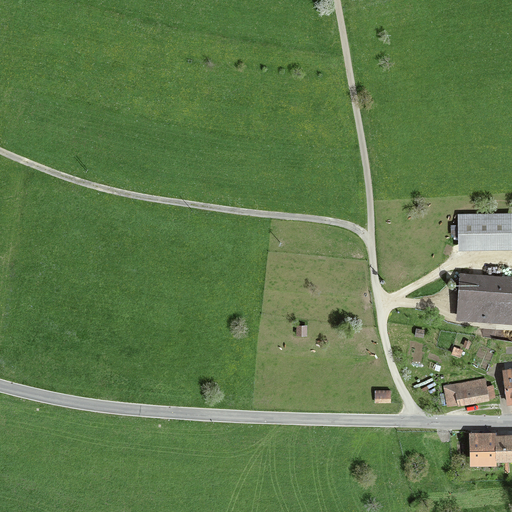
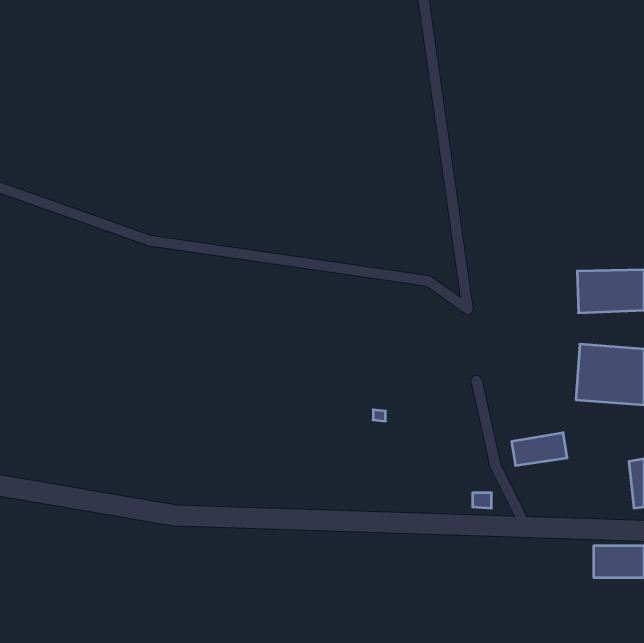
building: [444,381,488,407] -> [512,433,567,465]

